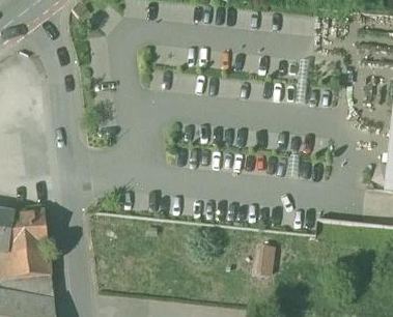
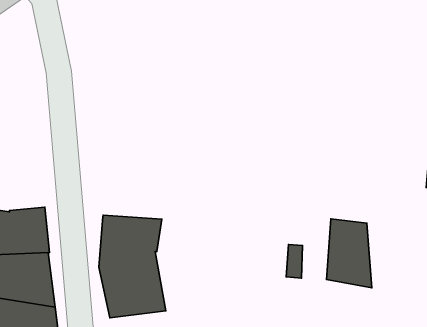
building: none -> [99,215,166,318]
building: none -> [326,219,372,288]

